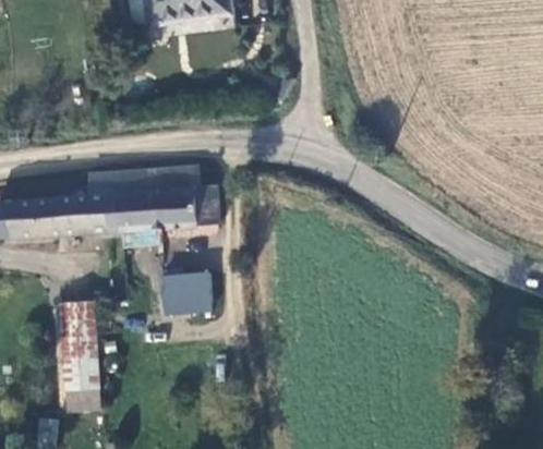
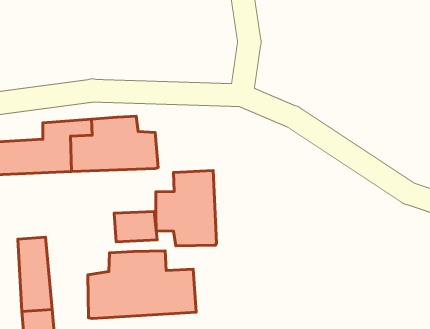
building: none -> [156,170,216,246]
building: none -> [88,251,196,319]

